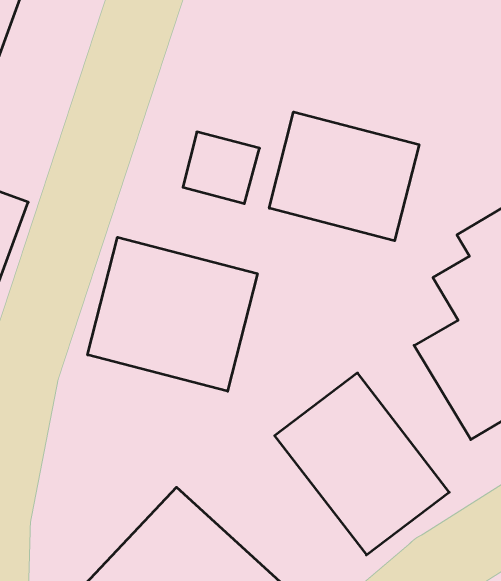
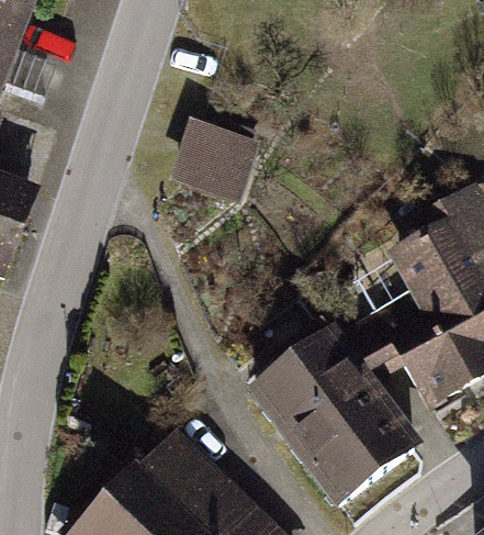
building: [269,112,419,241] -> none
building: [88,237,257,391] -> none

